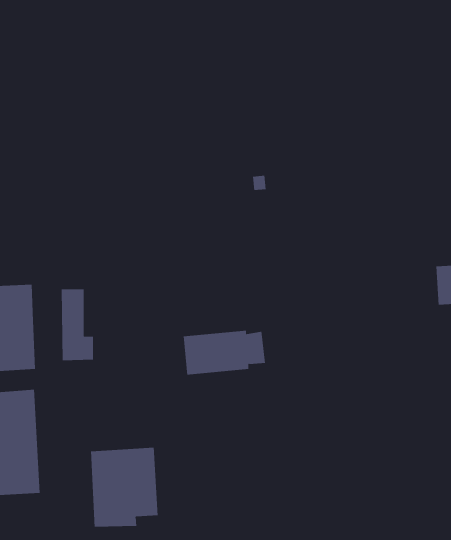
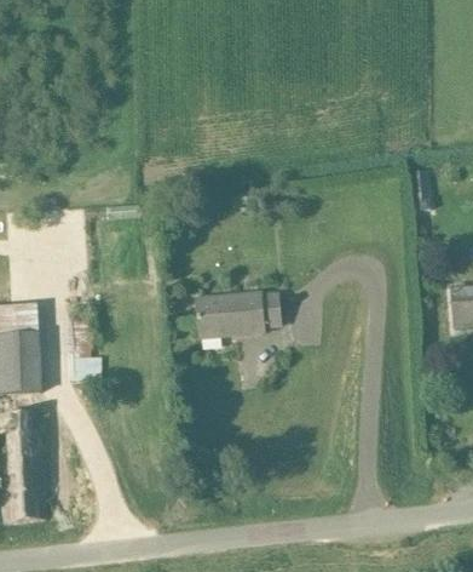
building: [183,330,266,375] -> [196,292,281,338]
building: [90,447,158,527] -> none

